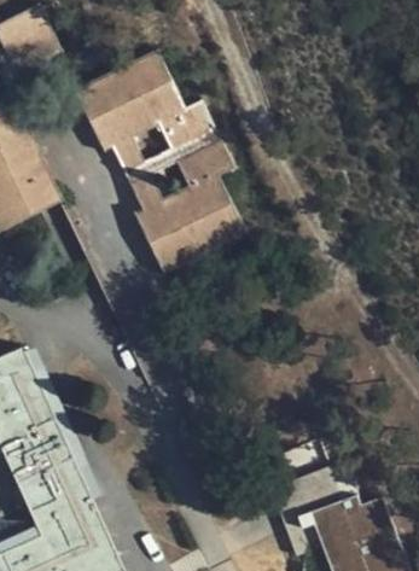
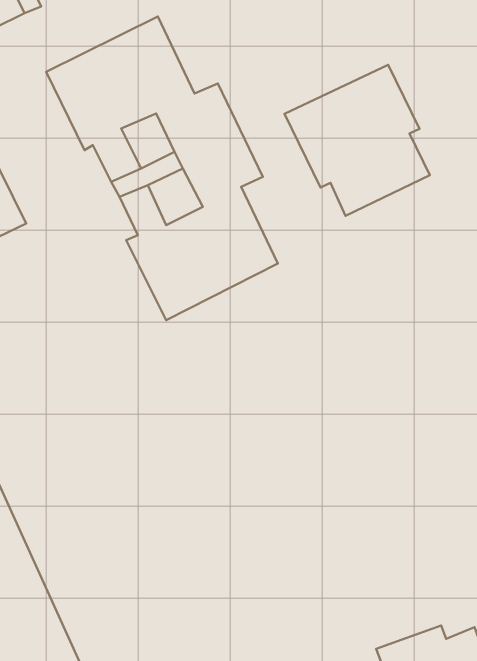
building: none -> [285,65,430,216]

